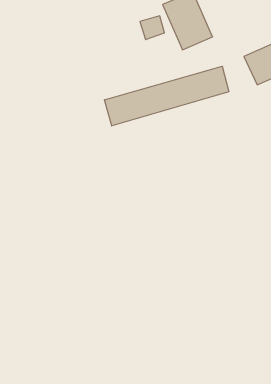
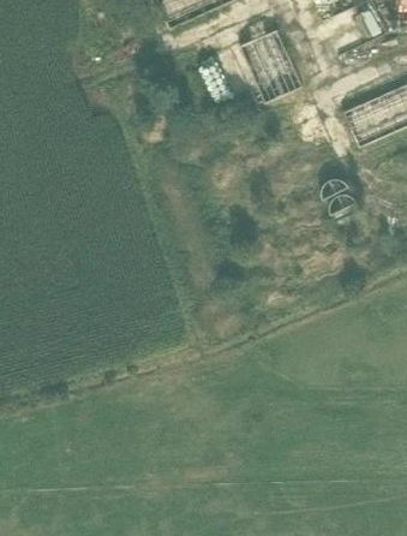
building: [104,66,229,126] -> none

